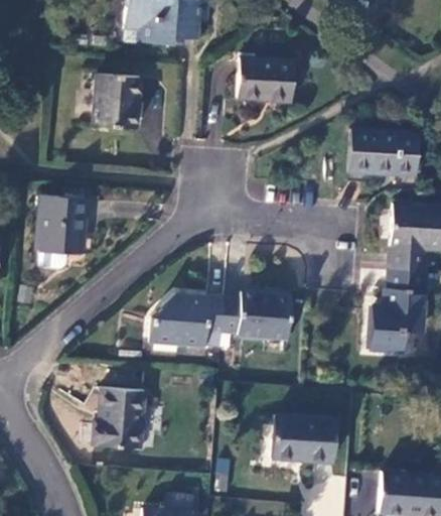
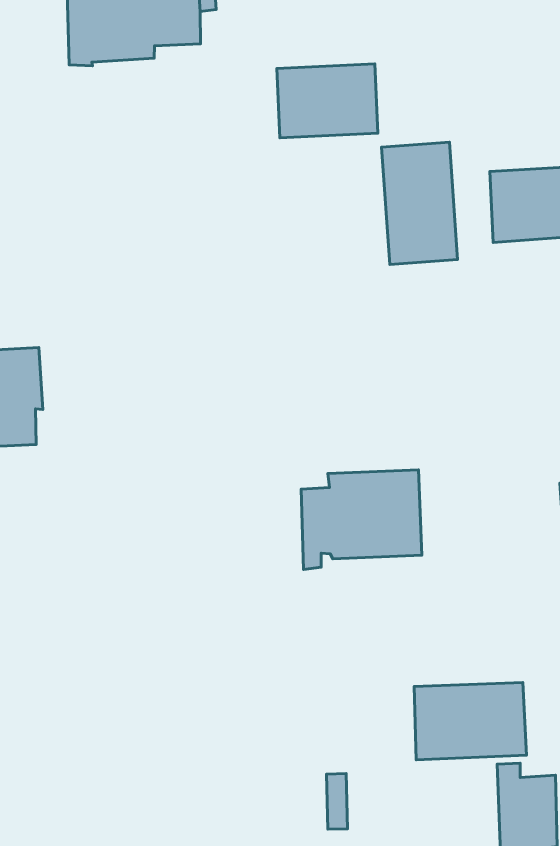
building: [94,74,141,128] -> none
building: none -> [382,142,458,265]
building: [149,292,225,351] -> none
building: [93,387,145,448] -> none

